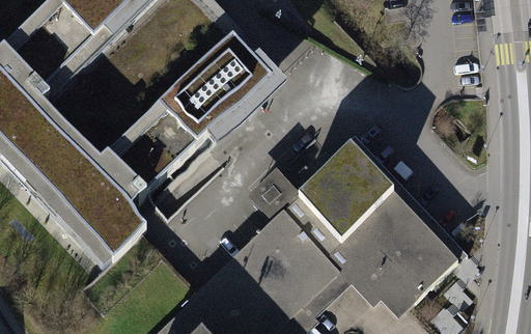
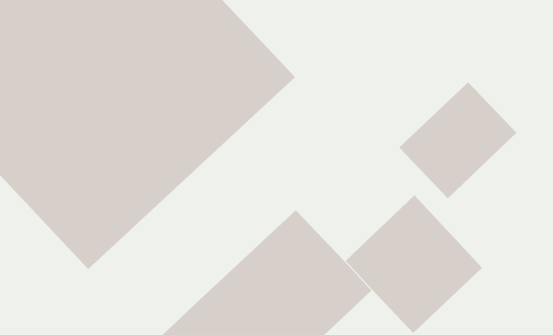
building: [291,144,399,251] -> [399,81,517,199]

